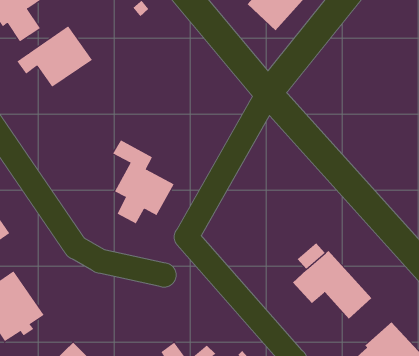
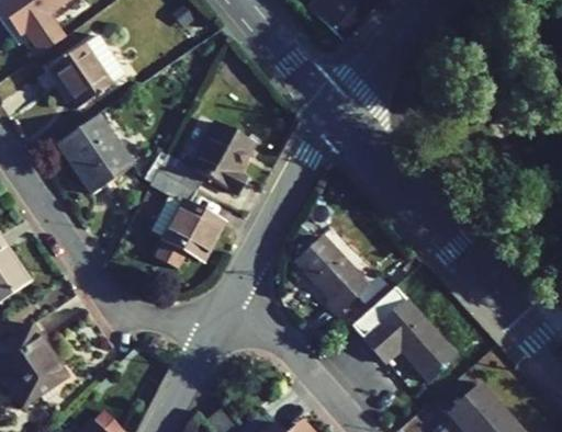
building: none -> [57,113,134,193]
building: none -> [159,121,255,194]
building: none -> [295,235,370,315]

